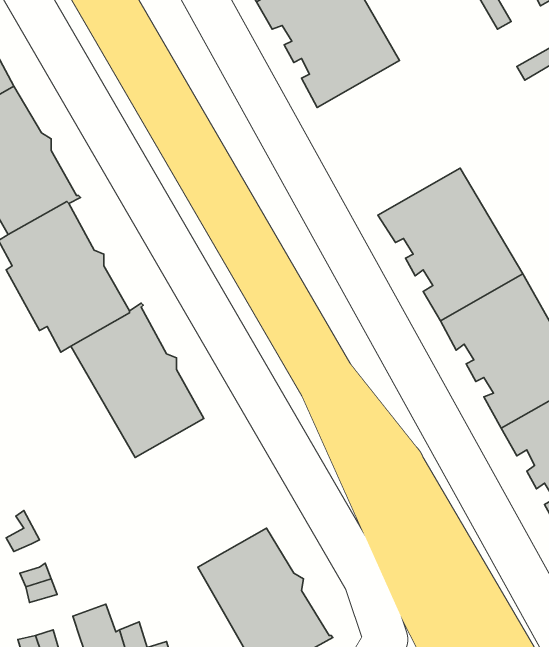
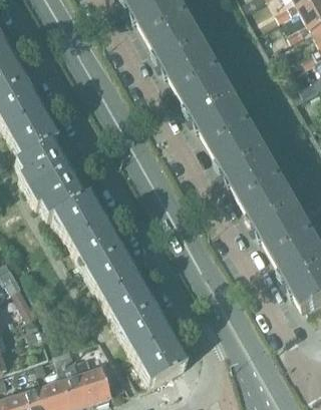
building: none -> [180,69,253,148]
building: none -> [86,253,153,329]

